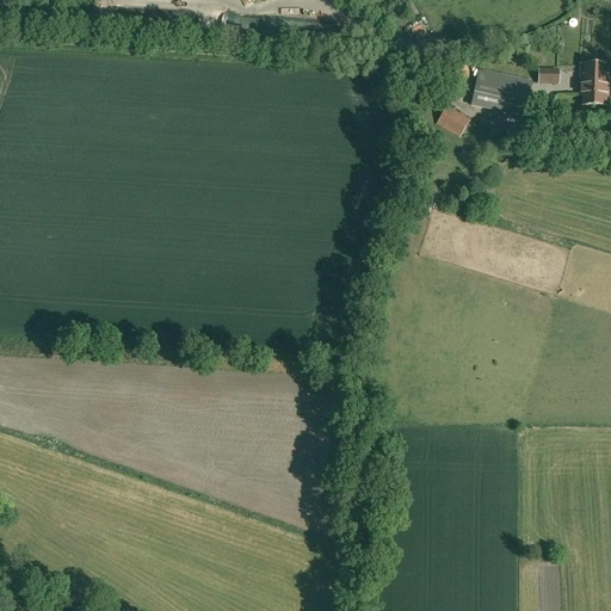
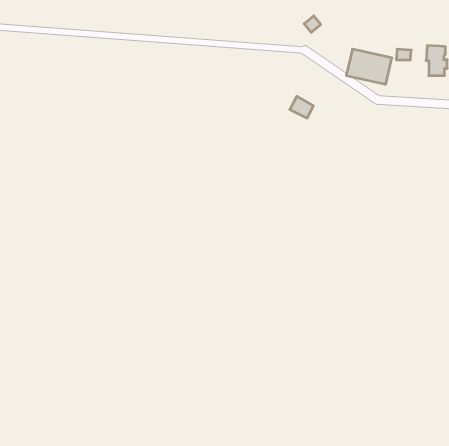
building: [437,104,469,134] -> [290,96,313,118]

